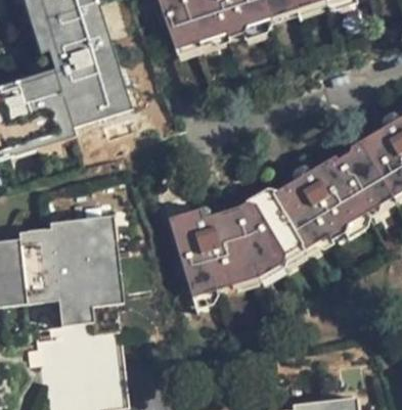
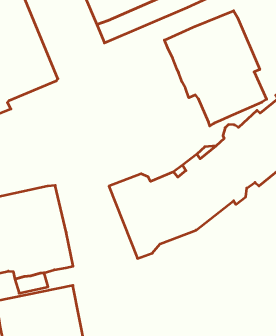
building: none -> [164,11,267,126]

